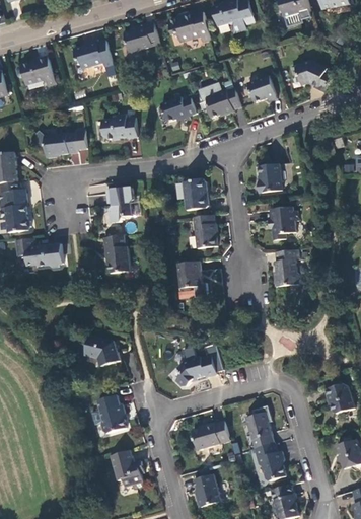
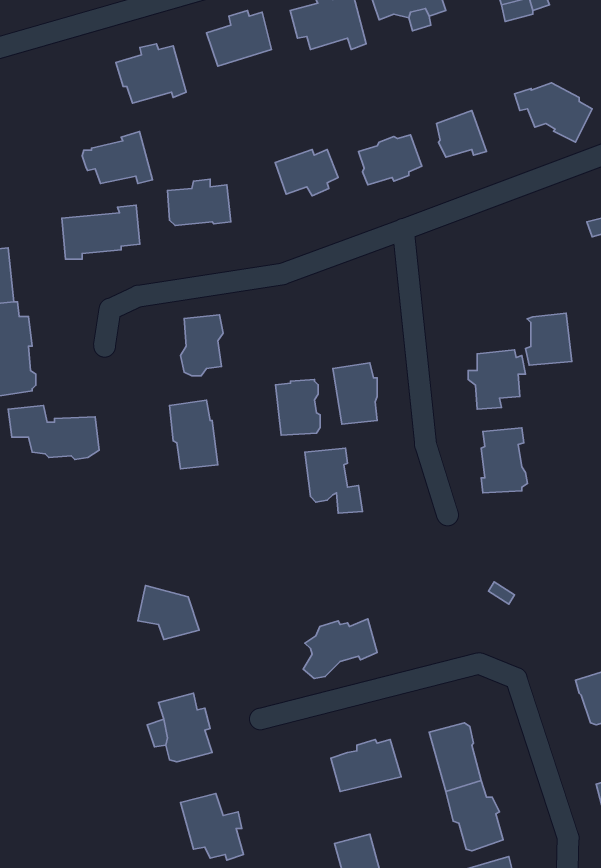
building: [16,57,55,85] -> [82,132,153,184]
building: [257,162,282,191] -> [525,313,572,365]
building: [184,177,208,208] -> [276,379,320,435]

